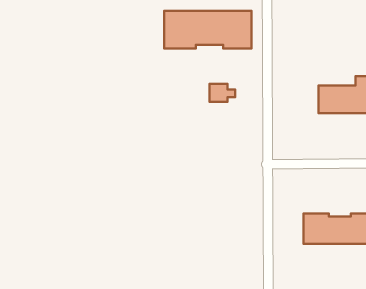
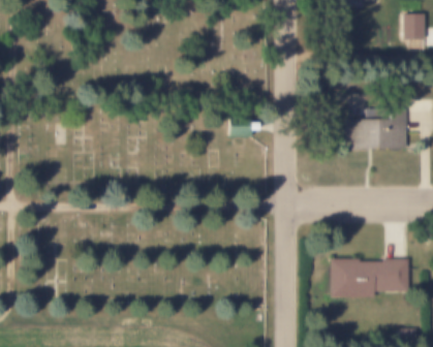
building: [164,11,252,48] -> none

